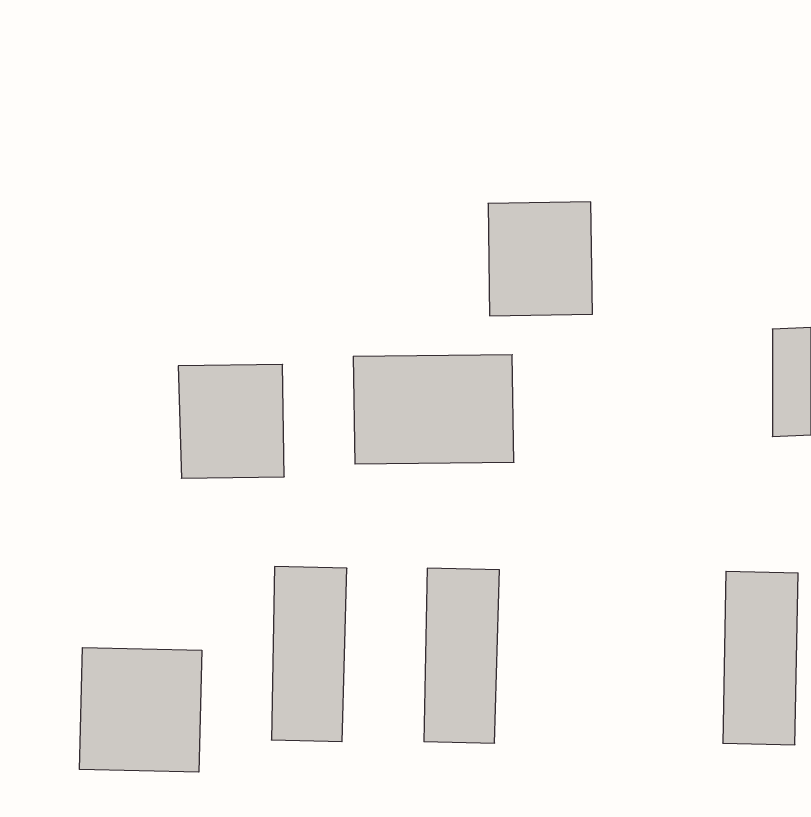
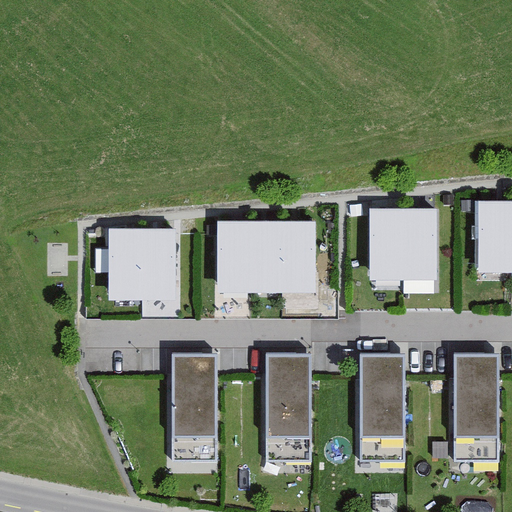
building: [488,202,592,316] -> [372,210,437,281]
building: none -> [357,354,404,463]
building: [79,648,202,772] -> none

